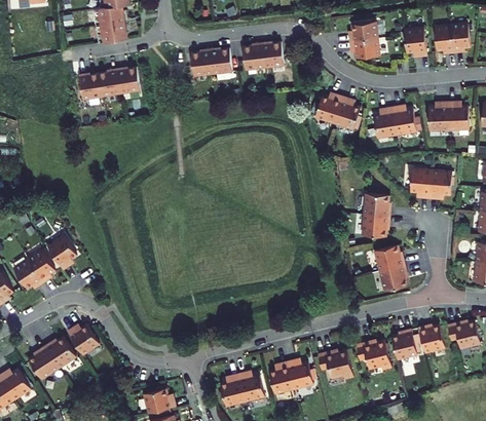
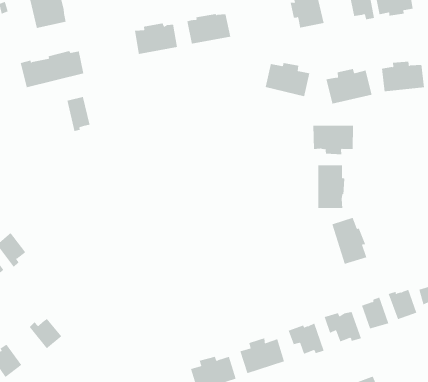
building: none -> [67,96,90,132]
building: [406,170,447,201] -> [312,125,354,155]
building: [46,335,77,367] -> none

